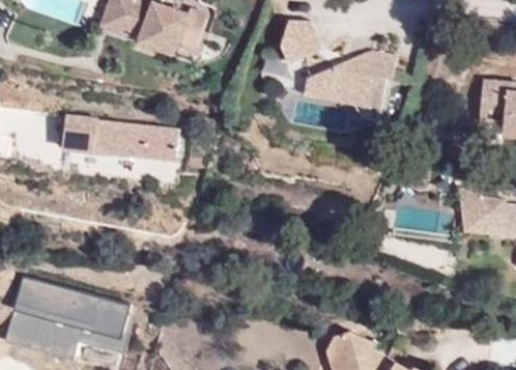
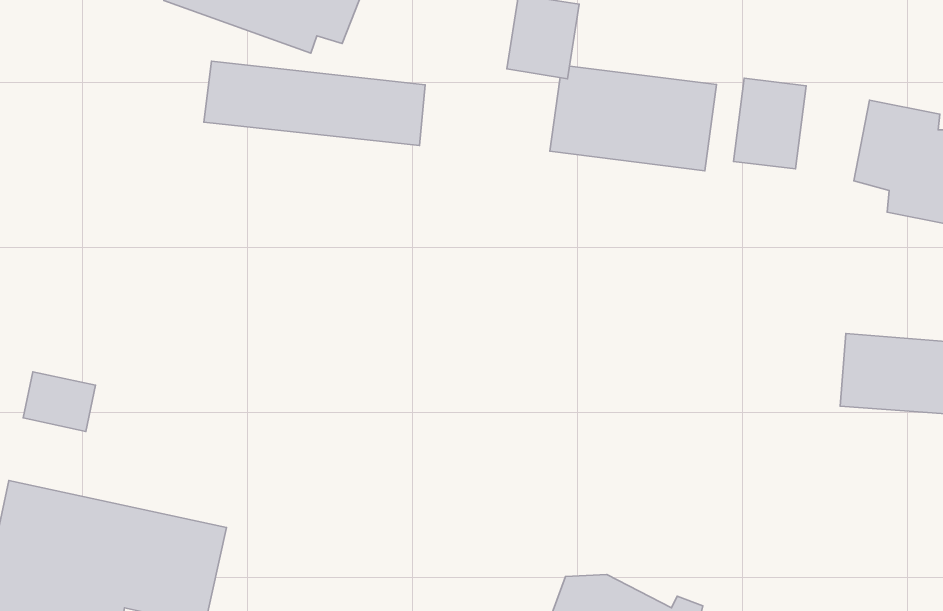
building: none -> [734,78,806,169]
building: [66,112,183,156] -> [204,61,425,146]
building: none -> [23,372,96,432]

